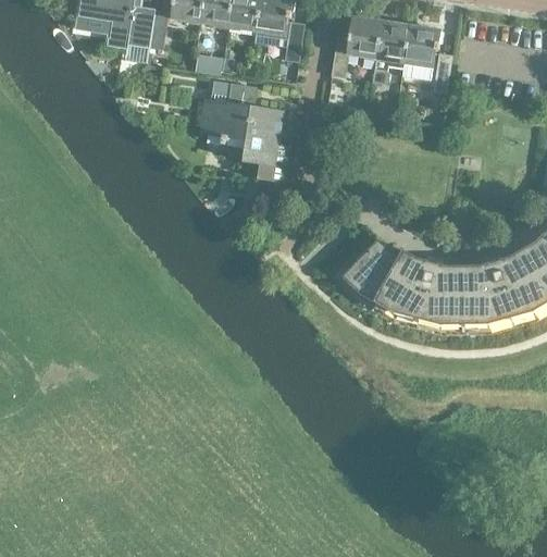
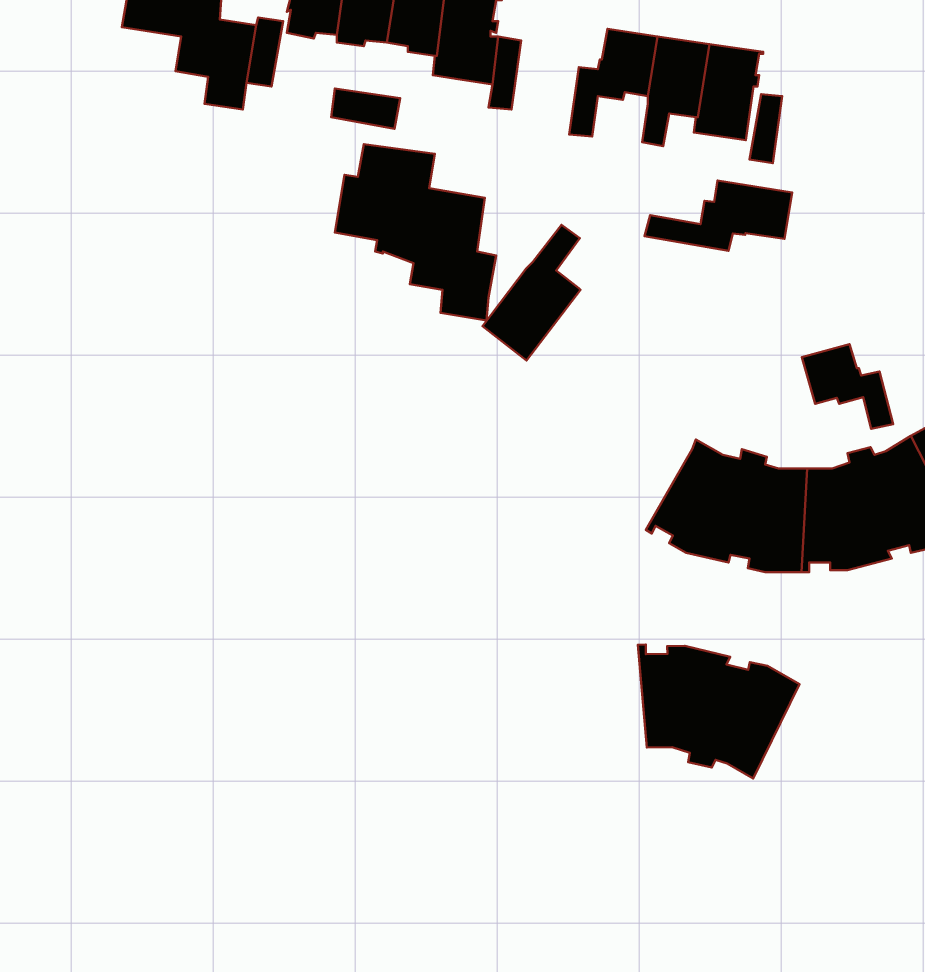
building: none -> [645,180,792,251]
building: none -> [482,225,580,360]
building: none -> [802,344,893,429]
building: [346,239,400,301] -> none
building: none -> [638,645,799,778]

